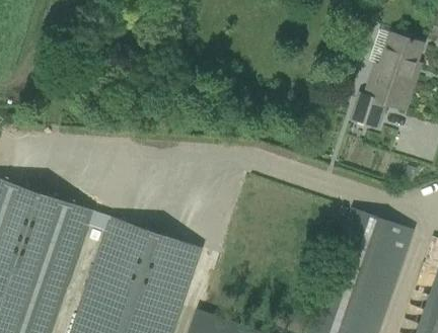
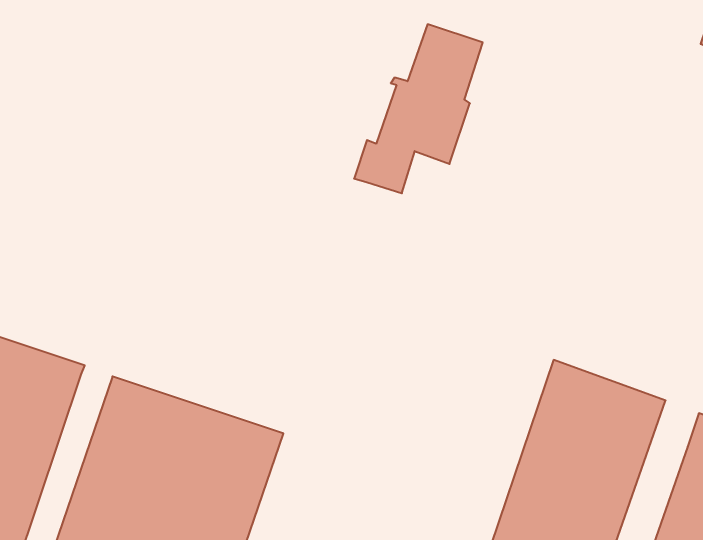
building: [352,34,423,128] -> [354,24,483,193]

